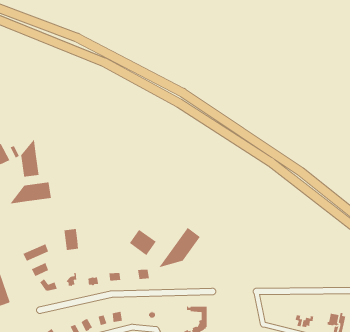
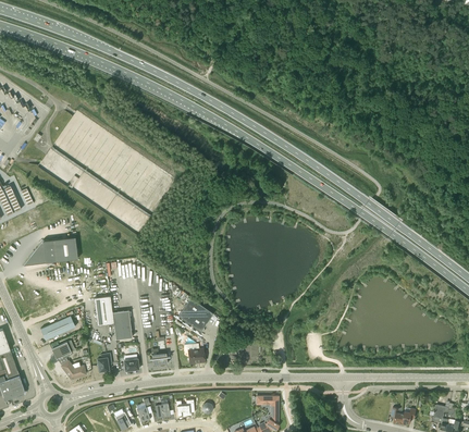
building: [20,138,39,177] -> none
building: [158,227,201,268] -> none
building: none -> [111,310,131,340]

